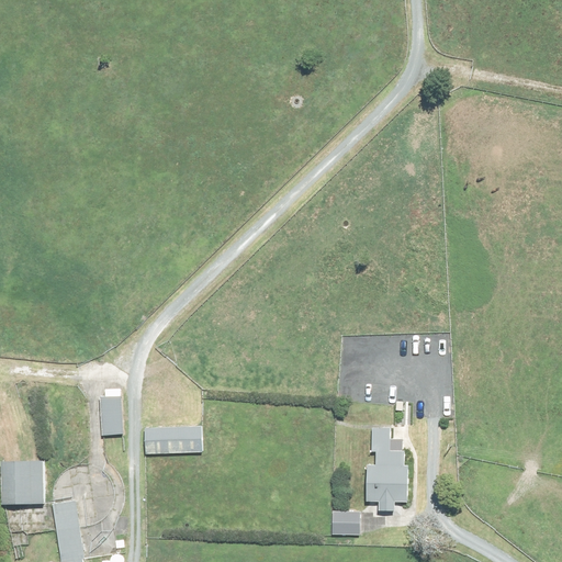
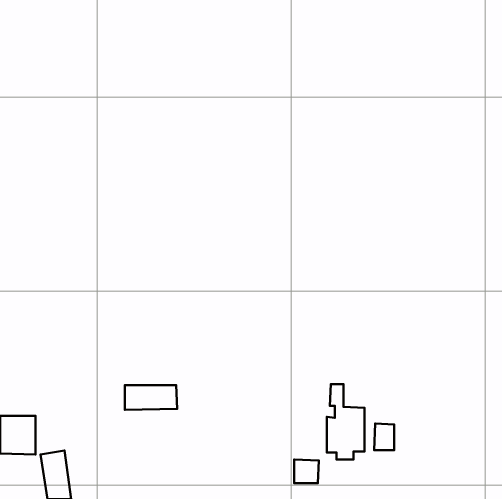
building: [98,394,124,436] -> none
building: none -> [374,423,394,450]

